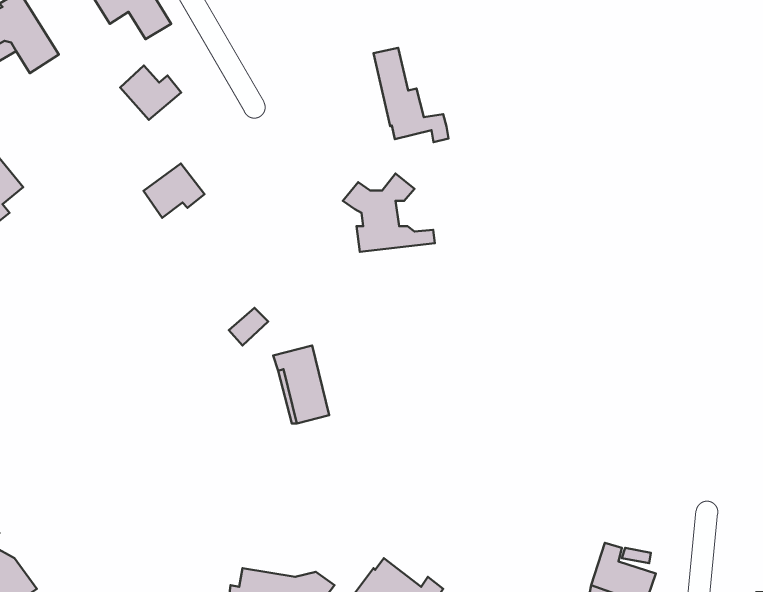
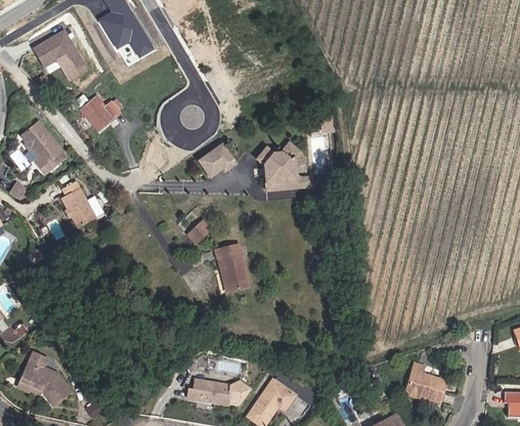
building: [374,48,449,142] -> none
building: [120,65,181,120] -> [81,95,118,128]
building: [143,164,205,218] -> [197,143,233,176]
building: none -> [61,179,102,226]

